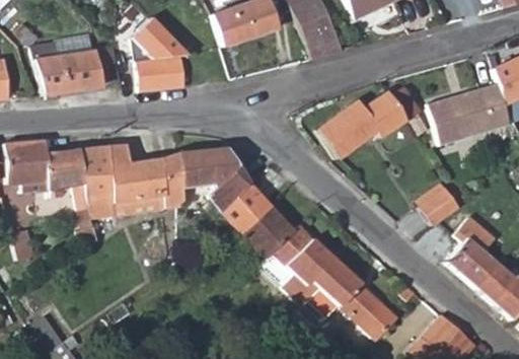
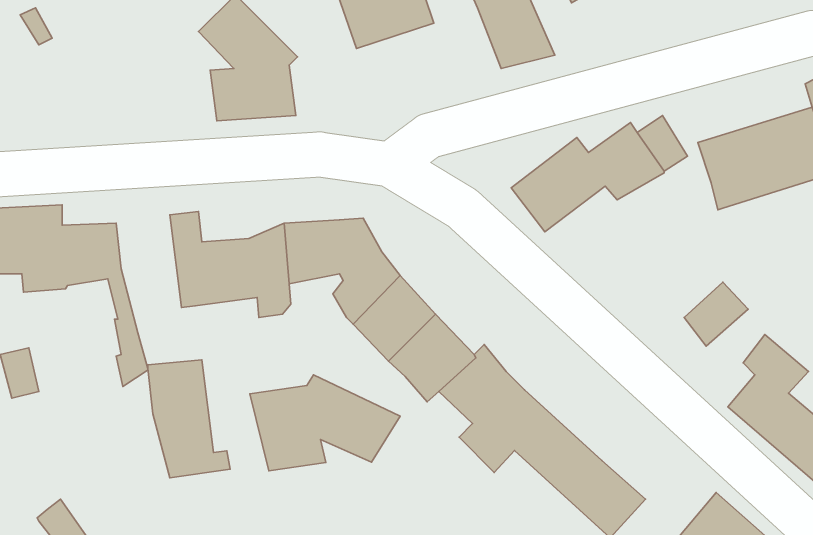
building: [32,40,119,93] -> none
building: [79,146,129,217] -> [148,360,230,478]
building: none -> [250,375,400,471]

